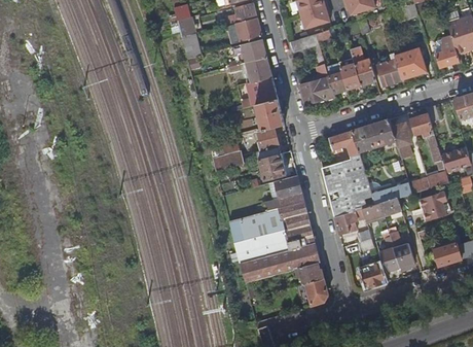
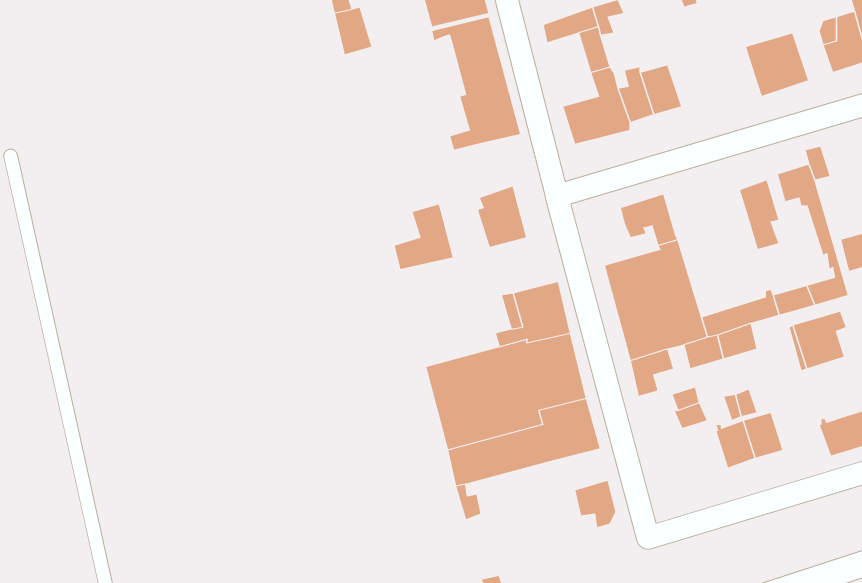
building: [350,45,375,84] -> none
building: [376,47,402,84] -> none
building: [255,99,284,132] -> none
building: [352,119,395,151] -> none
building: [258,152,286,179] -> none
building: [295,262,323,283] -> none
building: [360,264,385,288] -> none

